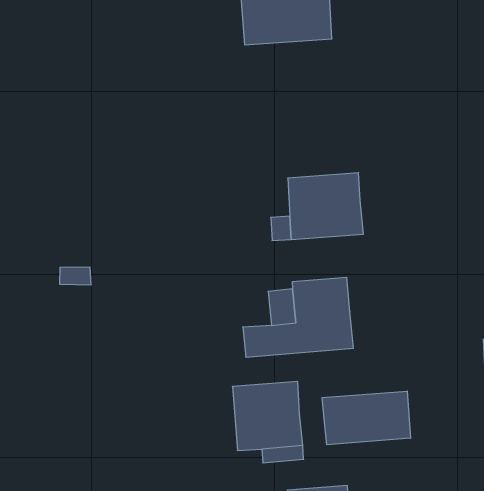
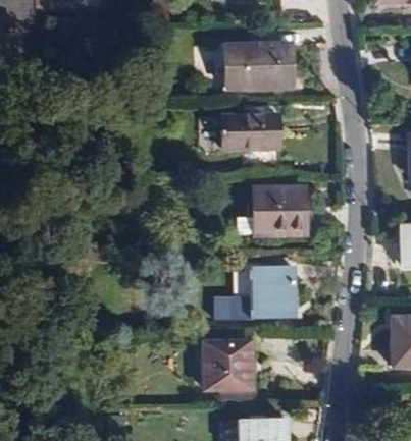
building: none -> [220,114,280,150]
building: [322,391,411,445] -> none

